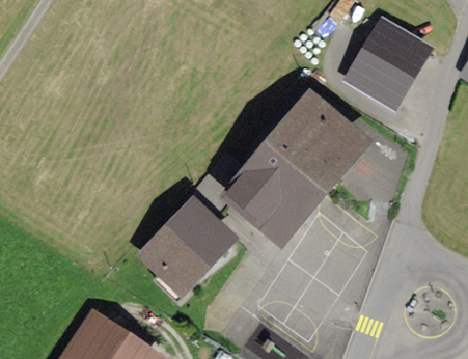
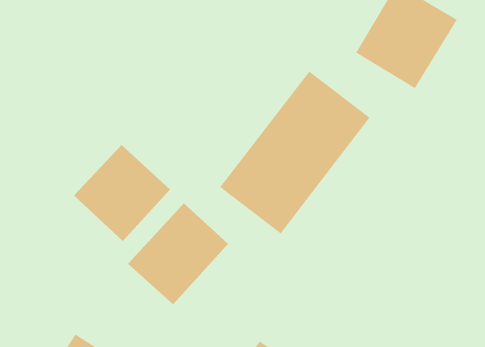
building: none -> [73,144,171,242]

